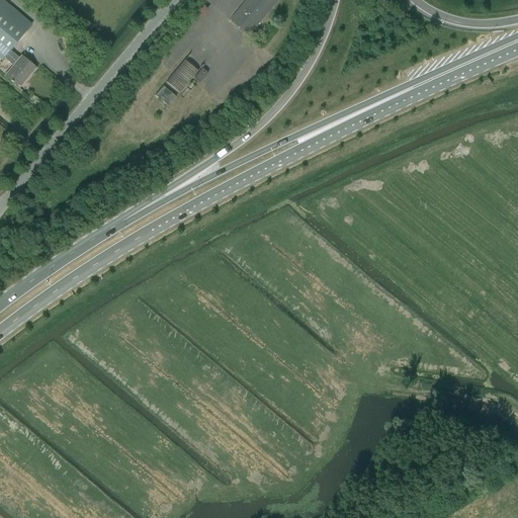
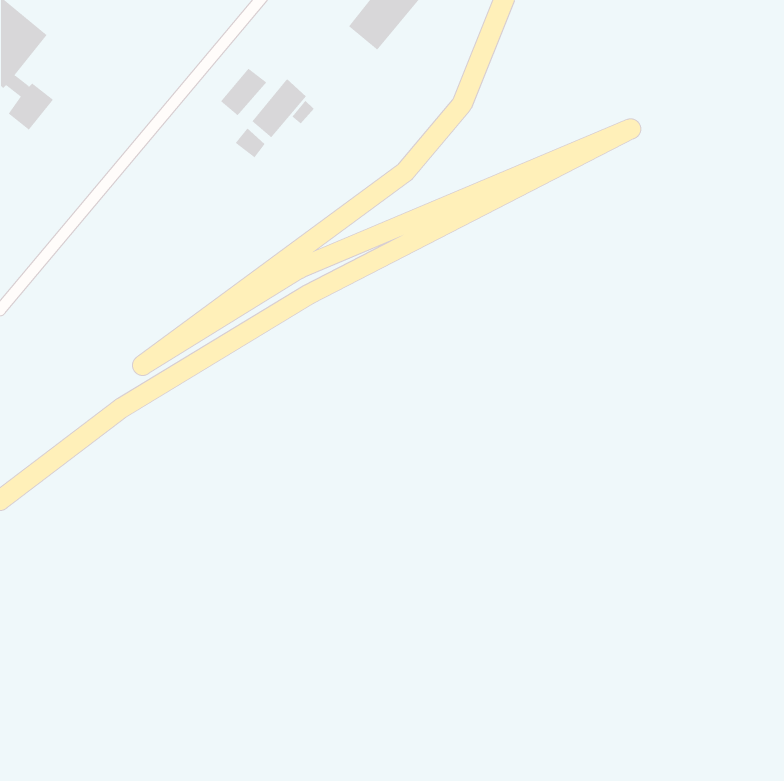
building: none -> [220,68,267,116]

